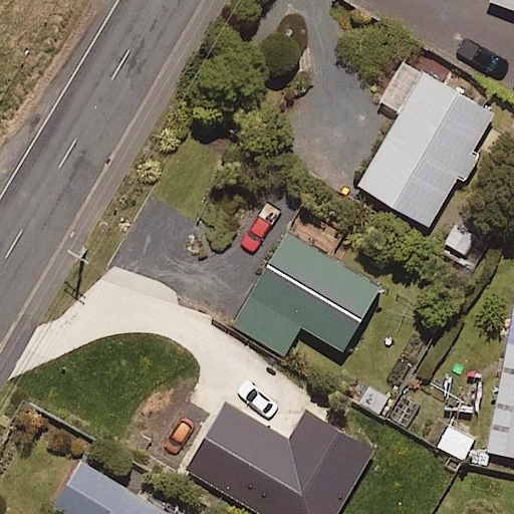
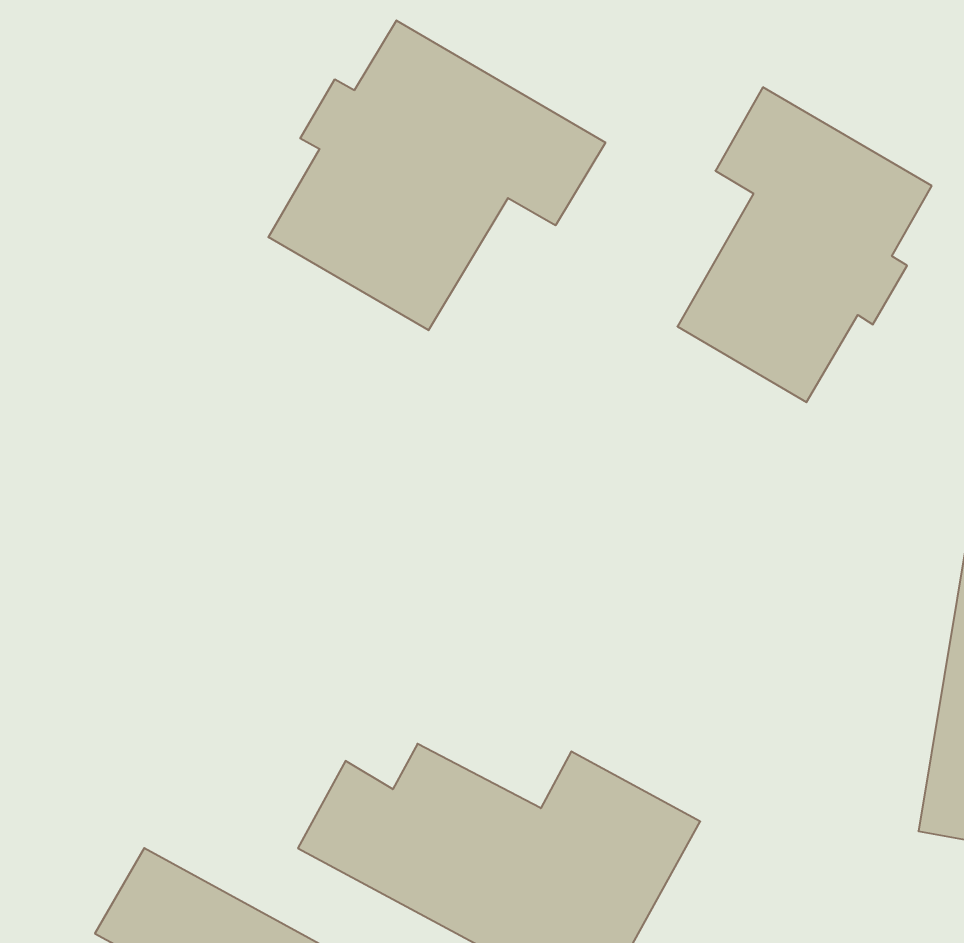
building: none -> [268,20,605,330]
building: [228,229,377,356] -> none

